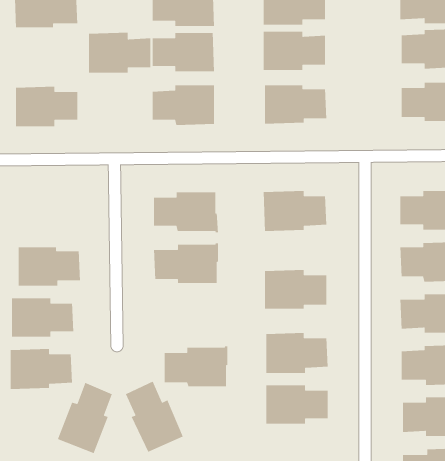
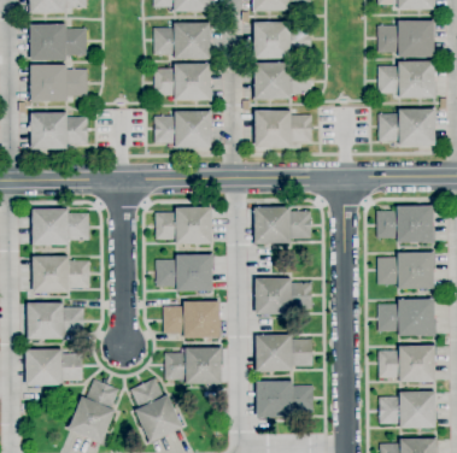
building: [88,32,151,74] -> [30,64,87,101]
building: none -> [31,208,88,246]
building: none -> [163,301,221,337]

